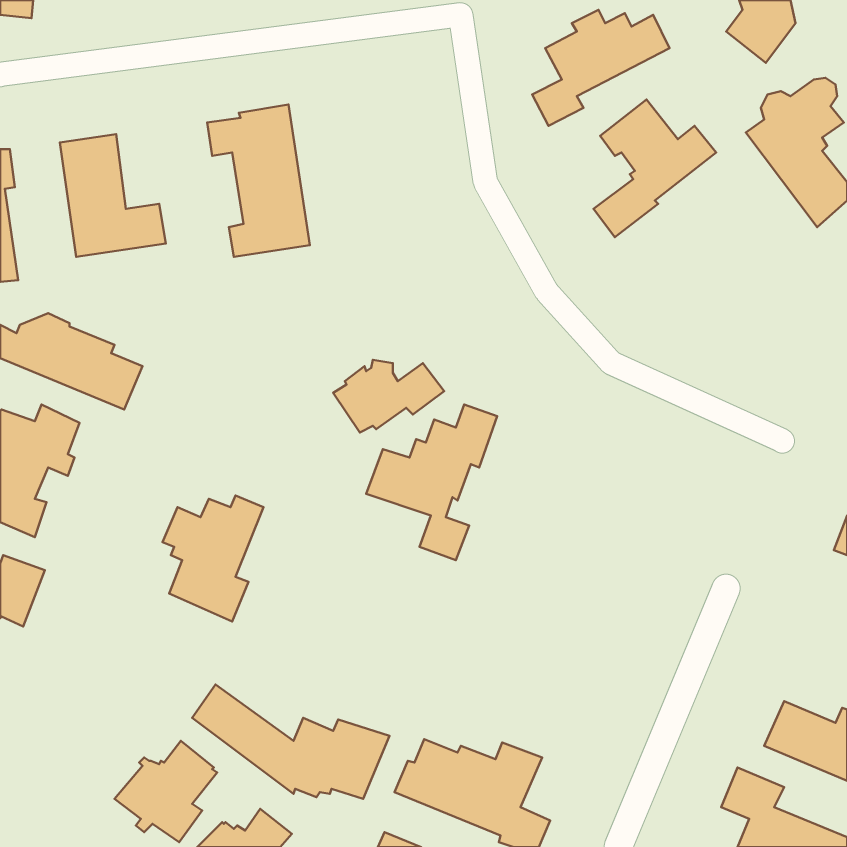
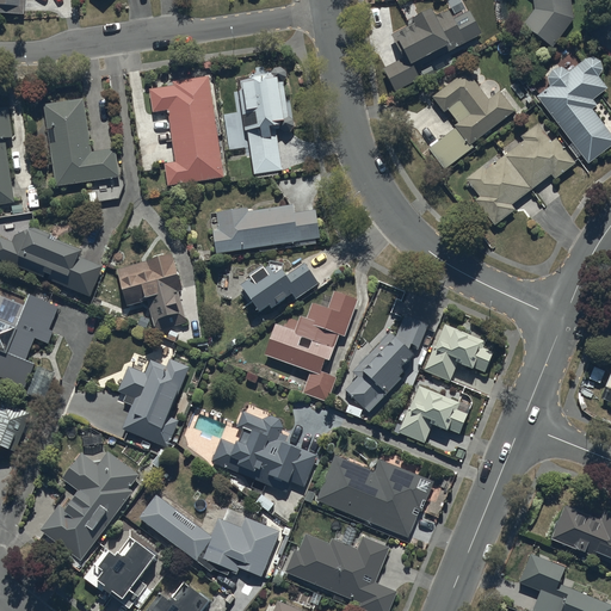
building: none -> [236,66,292,173]
building: none -> [465,122,576,224]
building: none -> [212,204,319,253]
building: none -> [117,252,187,331]
building: none -> [345,315,427,412]
building: none -> [424,323,493,381]
building: none -> [399,384,468,442]
building: none -> [211,409,317,492]
building: none -> [39,450,140,558]
building: none -> [316,455,434,537]

